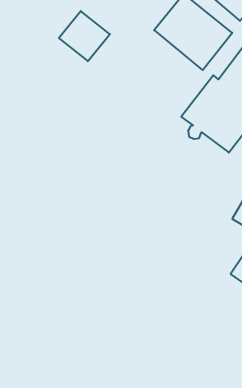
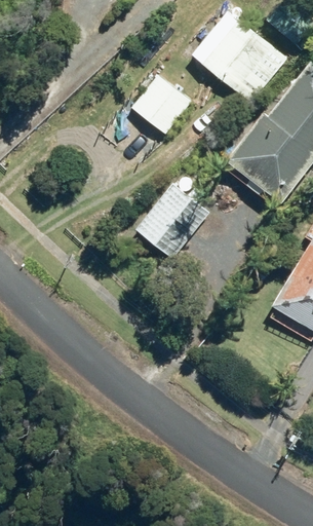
building: [59,11,110,61] -> [130,73,192,134]
building: none -> [135,183,208,257]

